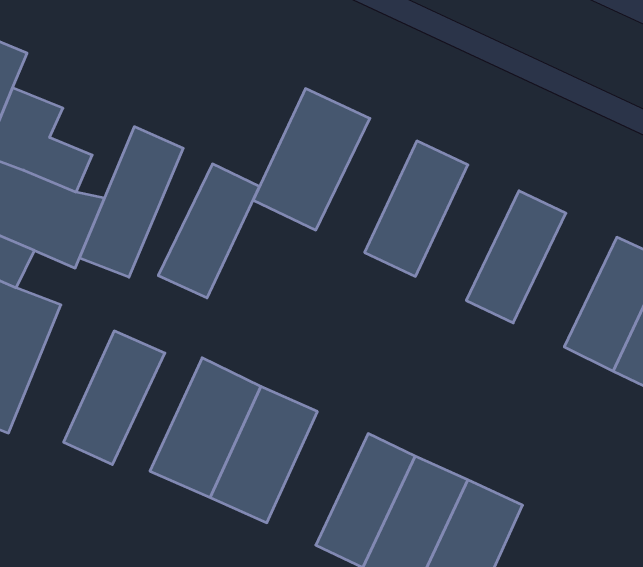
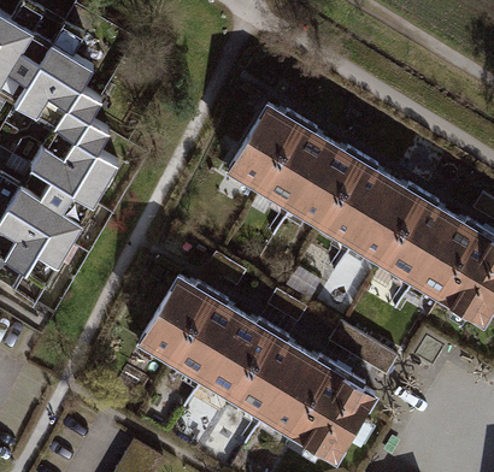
building: [79,127,183,277] -> none
building: [158,164,259,298] -> [257,126,329,213]
building: none -> [318,164,392,252]
building: none -> [378,202,452,289]
building: [64,331,165,465] -> [204,313,276,400]

